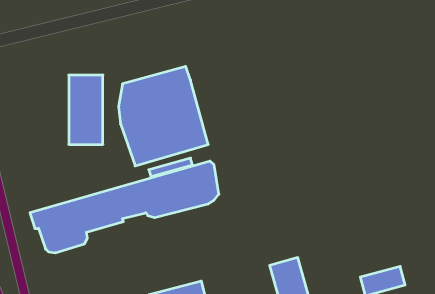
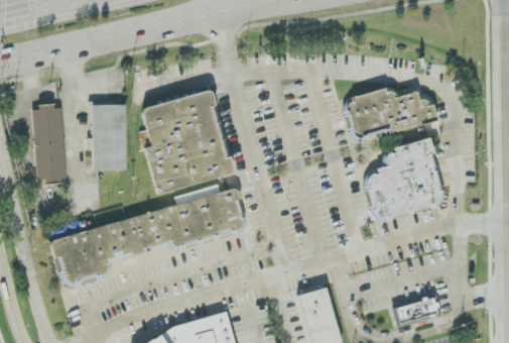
building: none -> [344,87,439,139]
building: none -> [32,102,65,184]
building: none -> [367,137,443,217]

